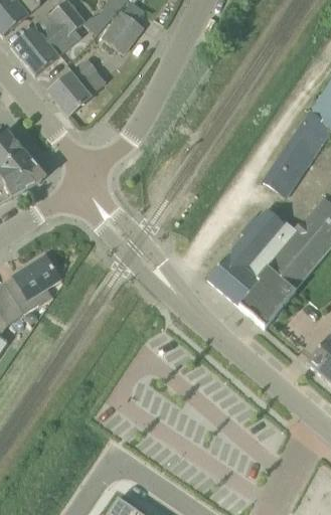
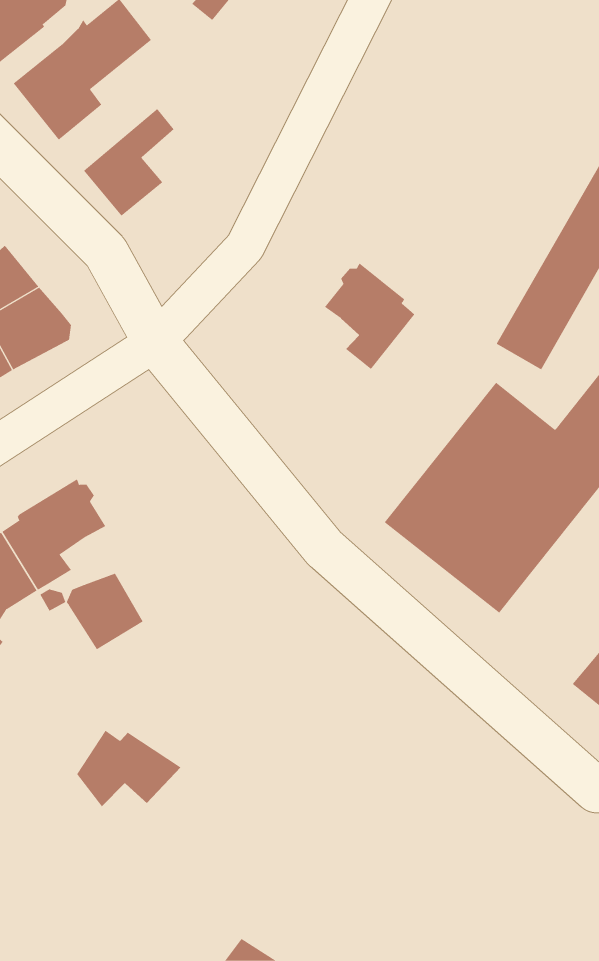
building: [101,9,143,52] -> none
building: none -> [324,262,415,370]
building: none -> [66,573,144,650]
building: none -> [76,730,181,807]

